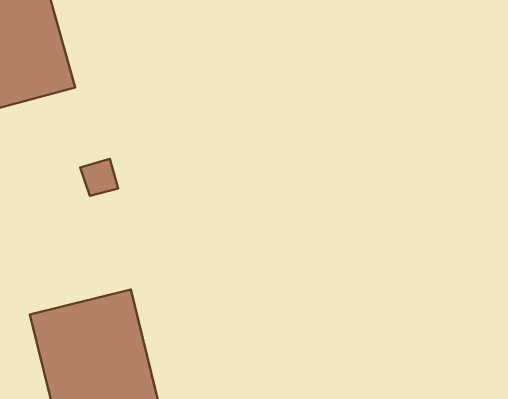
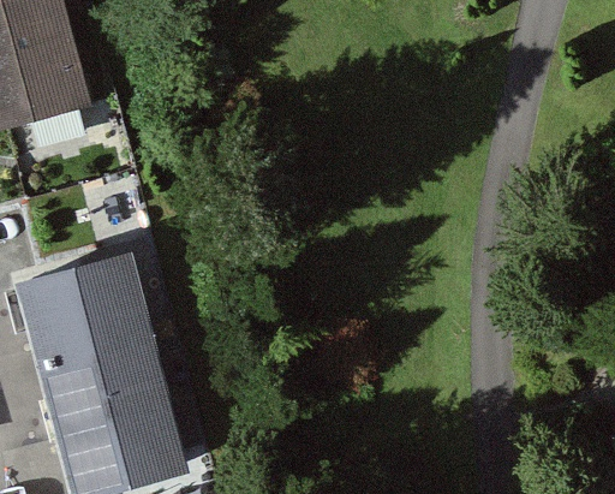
building: none -> [17,250,154,368]

